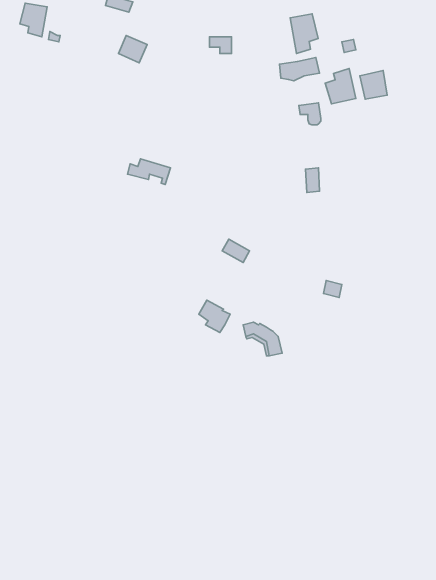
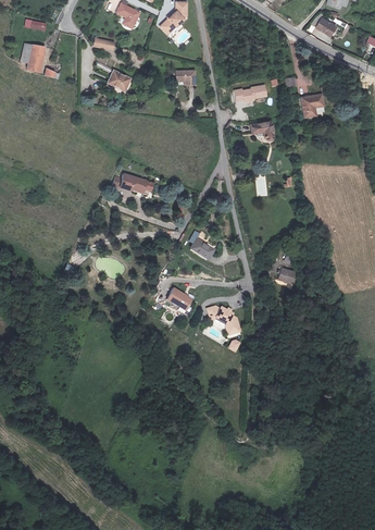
building: [290,14,318,53] -> none
building: [325,69,356,104] -> none

